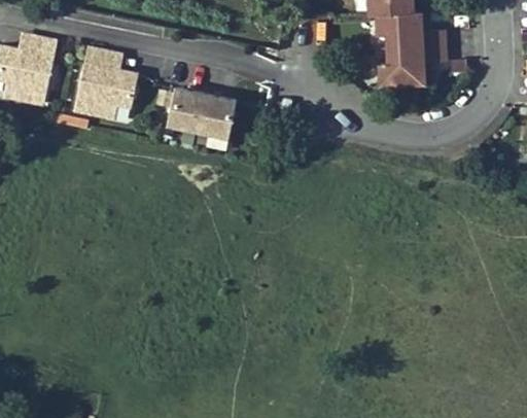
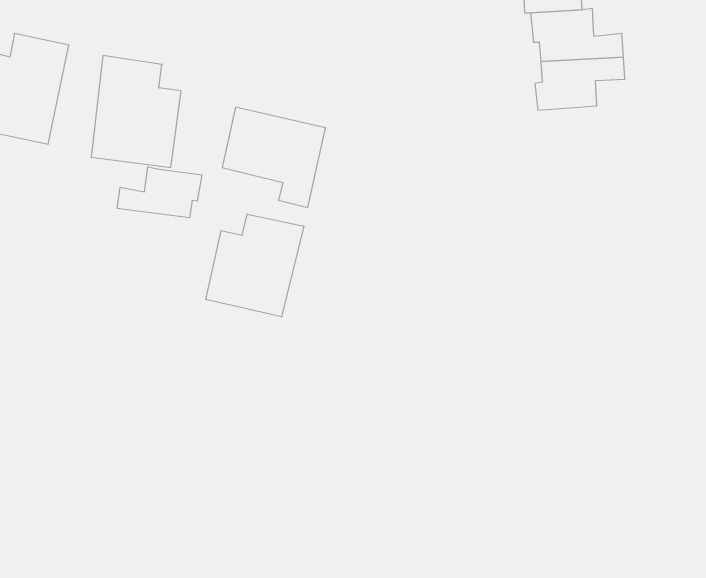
building: none -> [117,167,202,218]
building: none -> [206,214,304,317]

